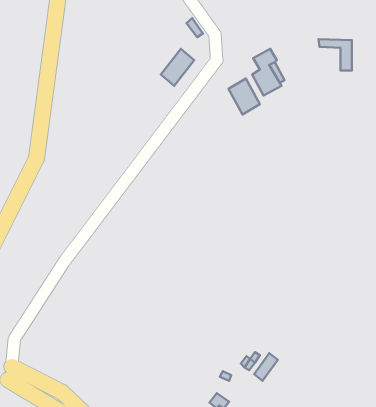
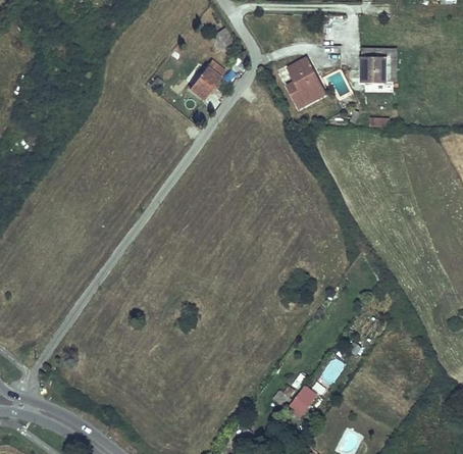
building: none -> [359,58,382,84]
building: [228,79,260,115] -> none

